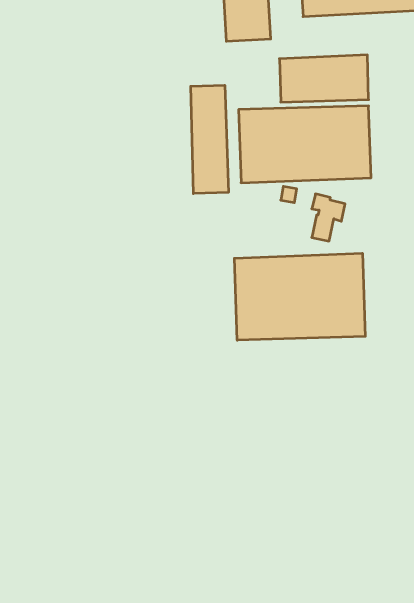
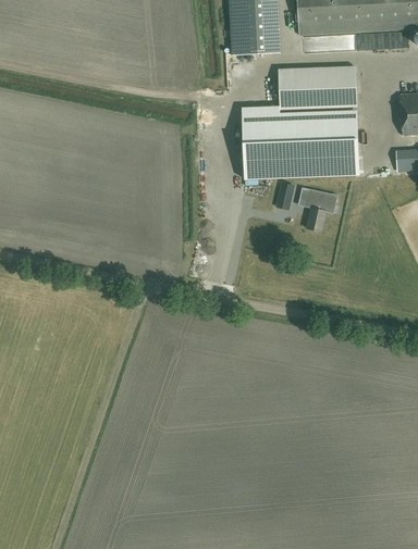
building: [191,85,228,194] -> none
building: [234,253,365,340] -> none

